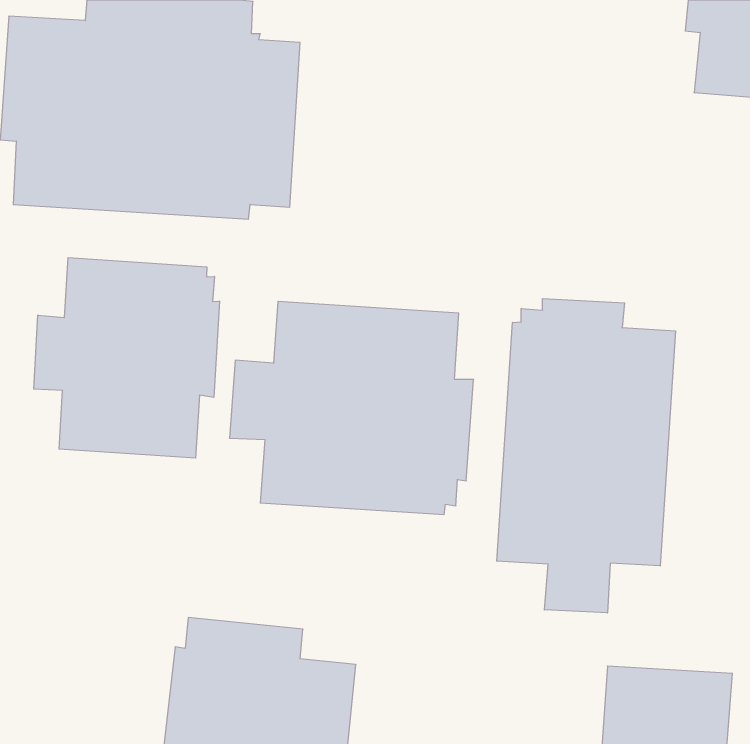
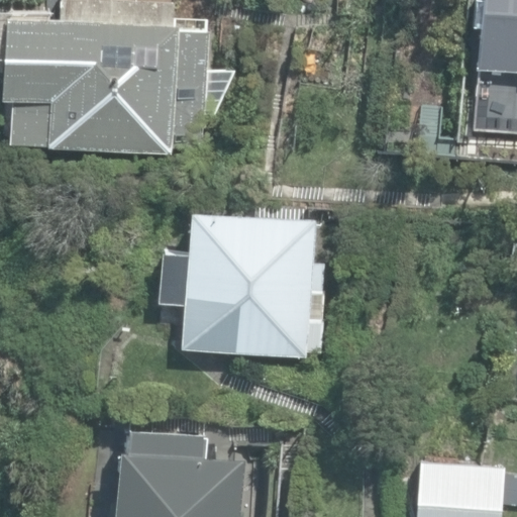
building: [34,258,219,458] -> none
building: [497,299,675,613] -> none

